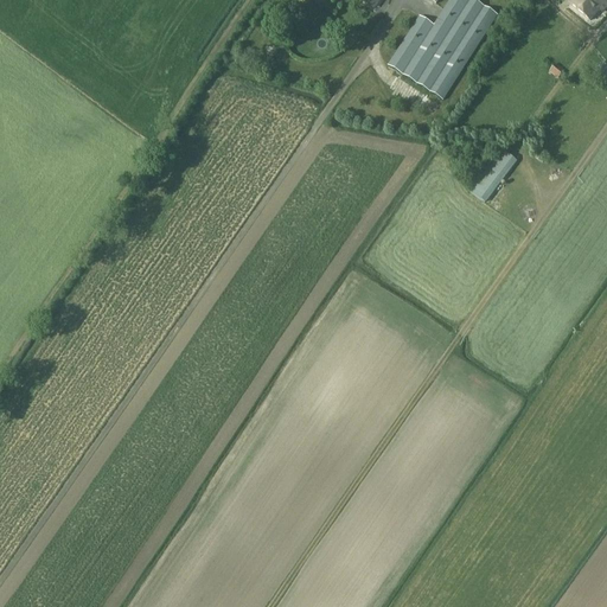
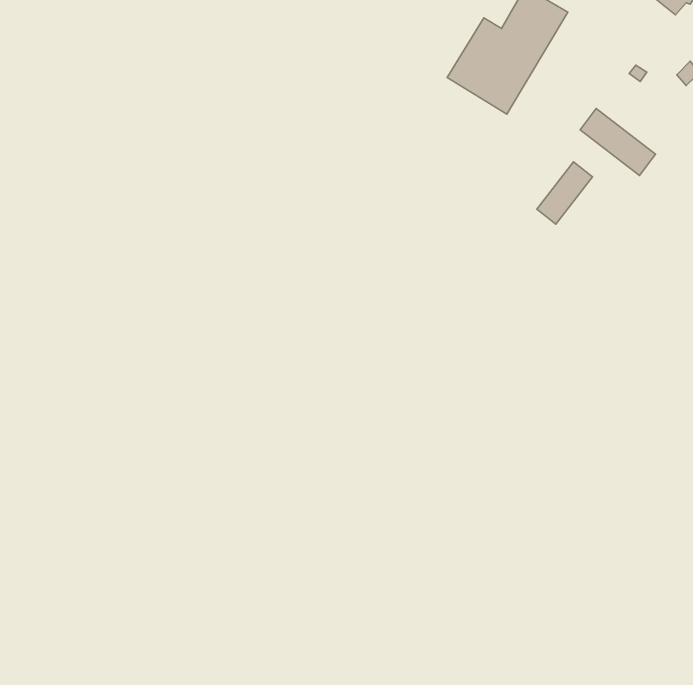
building: none -> [580,108,656,175]

